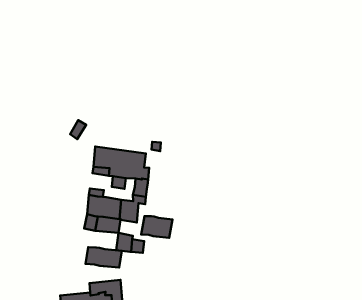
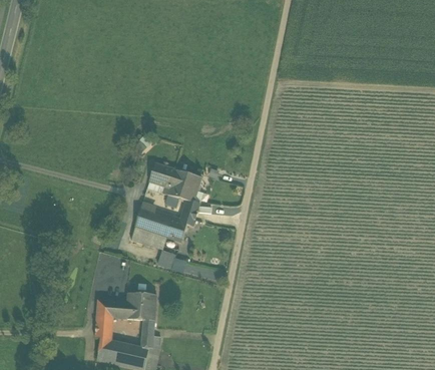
building: [141,216,172,238] -> none
building: [86,247,122,268] -> none

